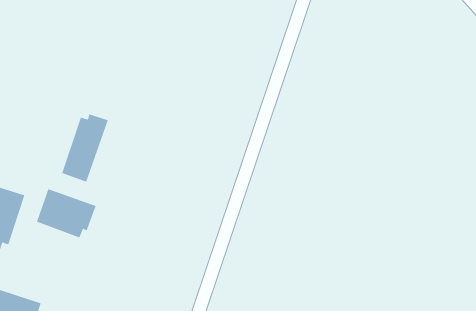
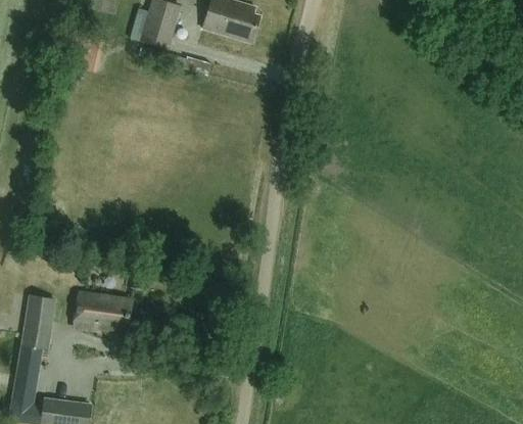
building: [61,114,108,183] -> none

